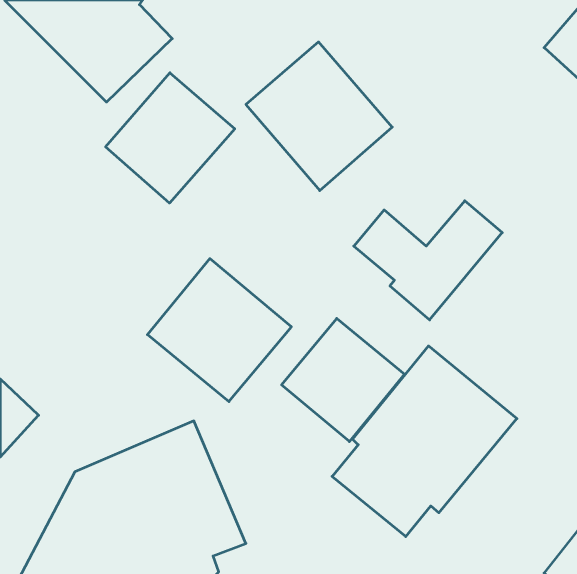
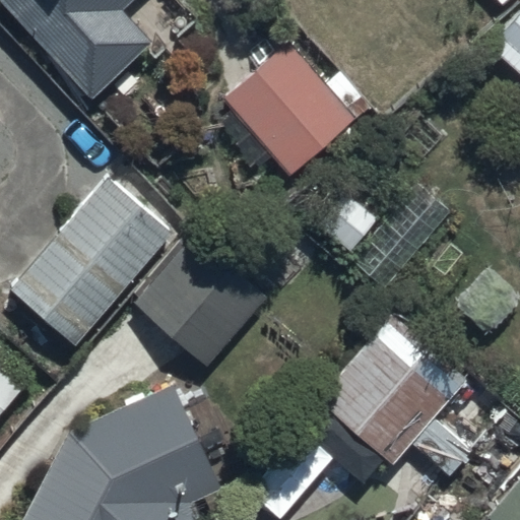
building: [106,73,235,203] -> none
building: none -> [8,176,175,349]
building: [282,318,404,442] -> none

